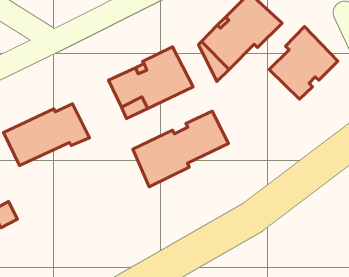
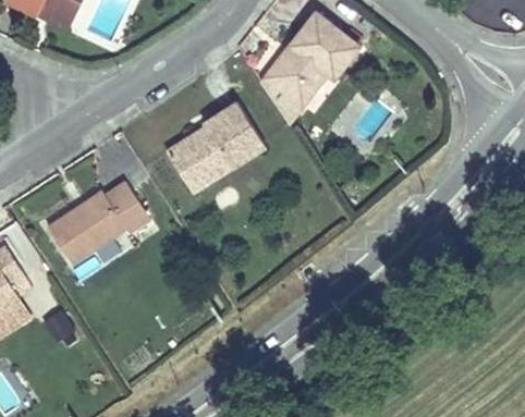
building: [269,26,338,99] -> none
building: [133,111,229,187] -> none

